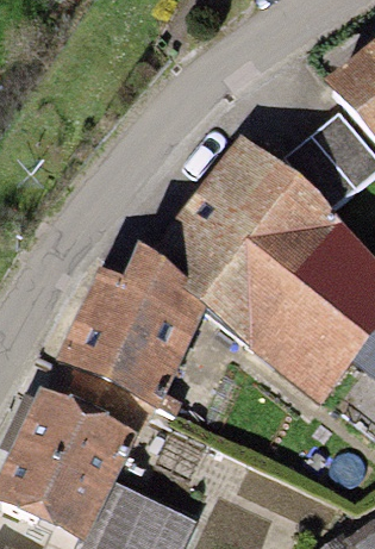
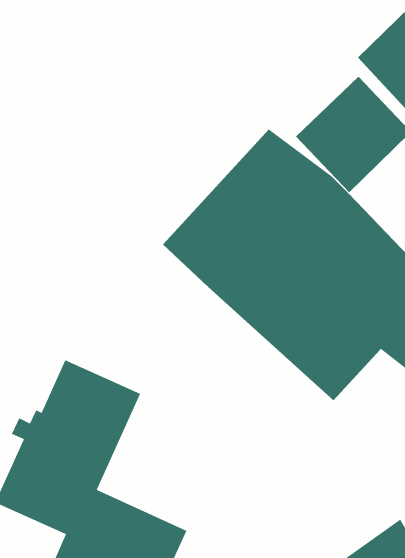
building: [62,256,190,394] -> none

